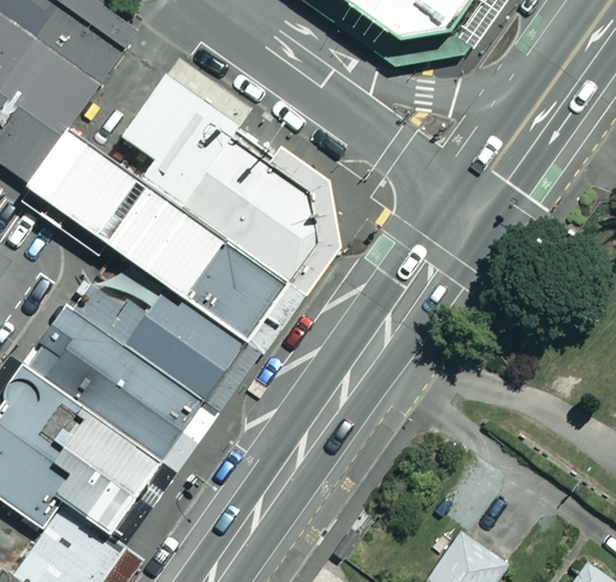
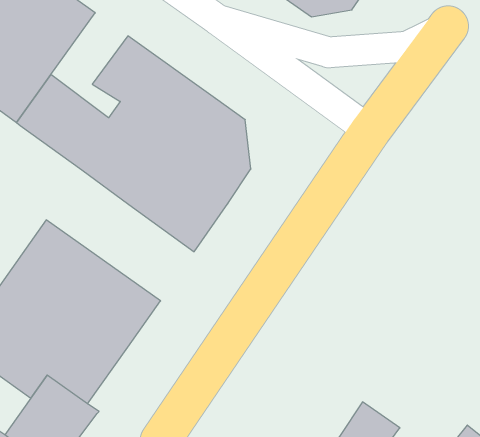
building: [61,277,247,406] -> none

